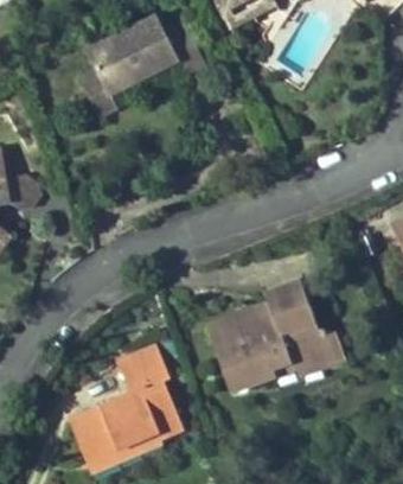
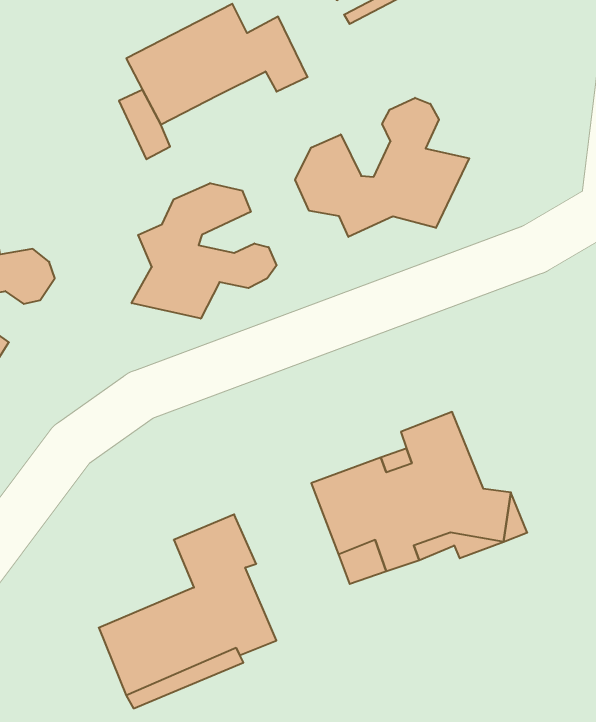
building: none -> [295,98,469,237]
building: none -> [132,183,277,319]

